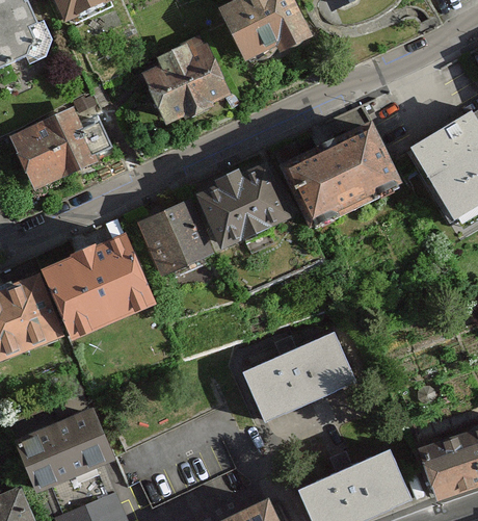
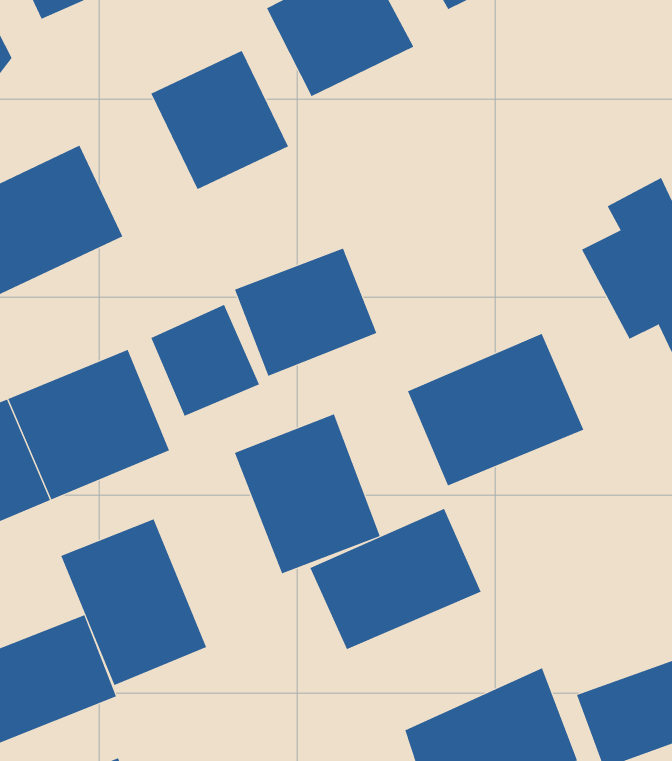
building: [276,129,391,228] -> [407,333,584,486]
building: none -> [234,414,381,574]
building: none -> [60,518,207,686]

